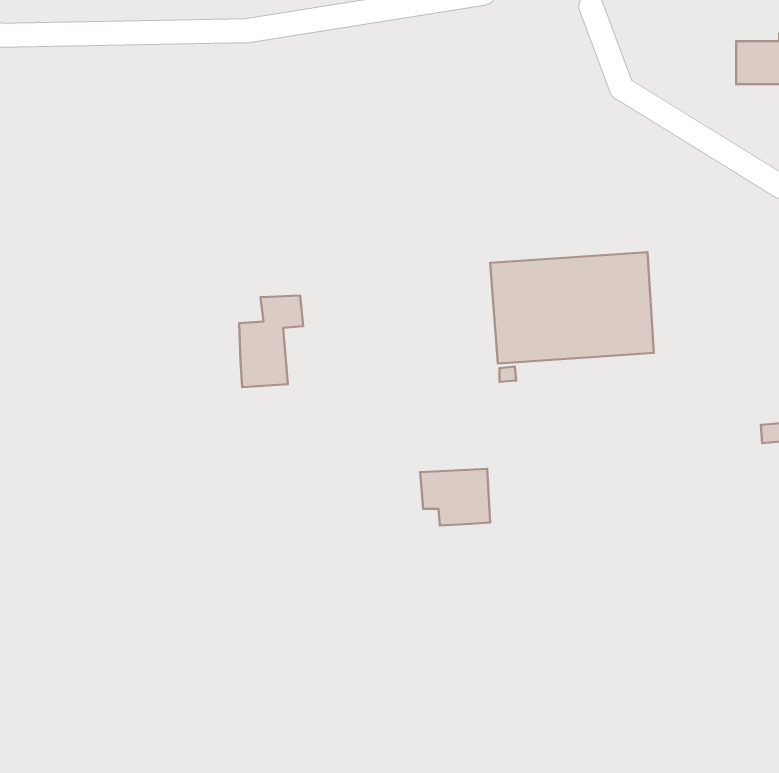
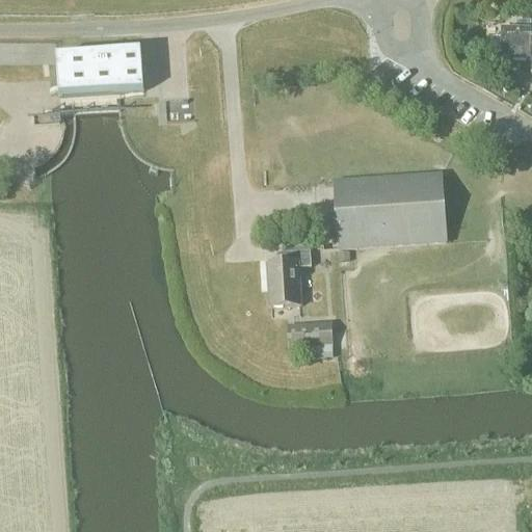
building: none -> [57,49,143,95]
building: [239,296,303,387] -> [268,243,312,305]

